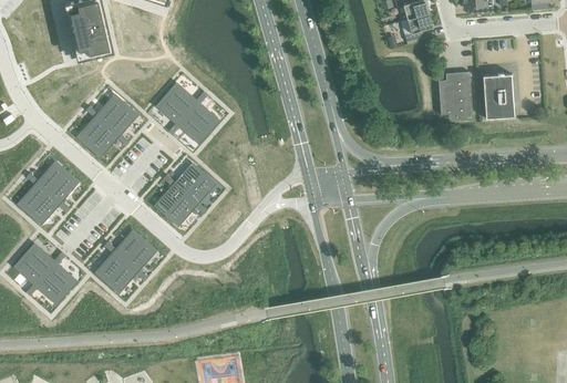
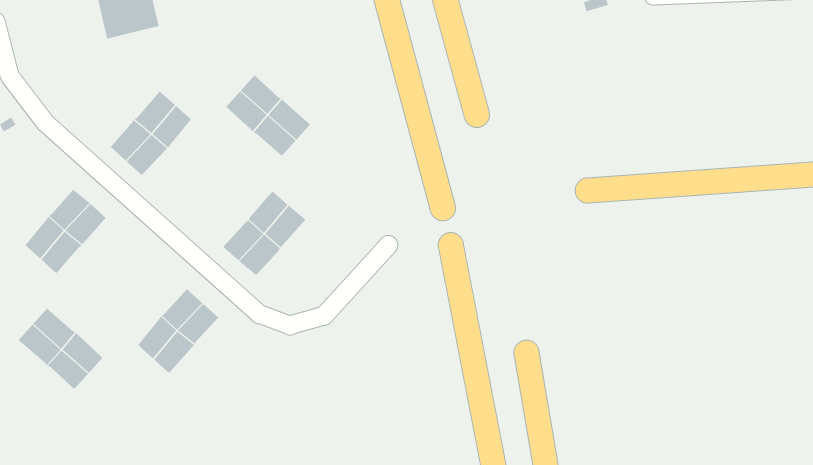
building: [437,73,472,122] -> none
building: [482,75,514,120] -> none

